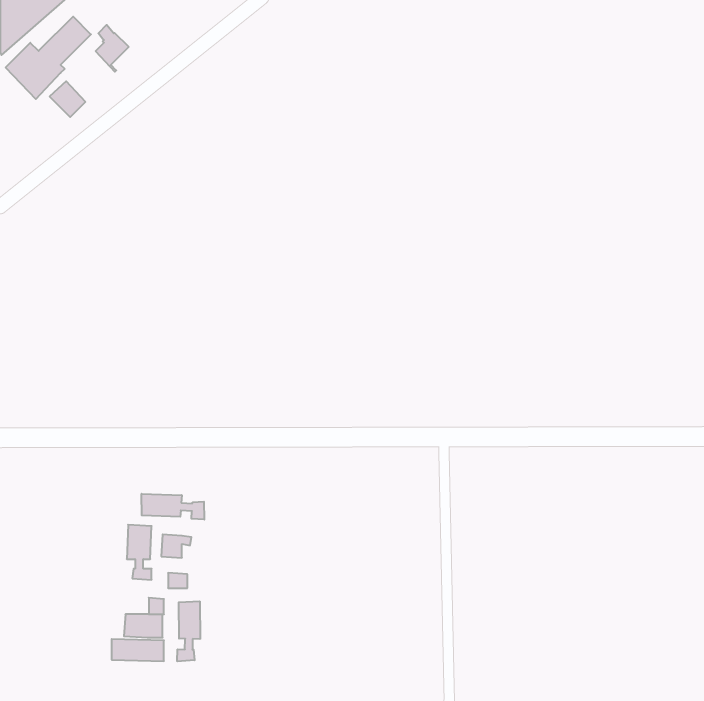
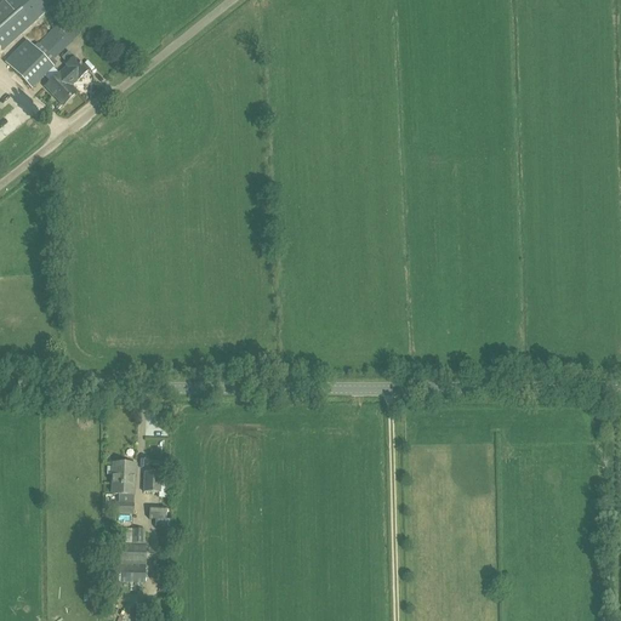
building: [96,25,129,72] -> [58,49,87,90]
building: [142,494,204,520] -> none
building: [177,601,200,661] -> none

